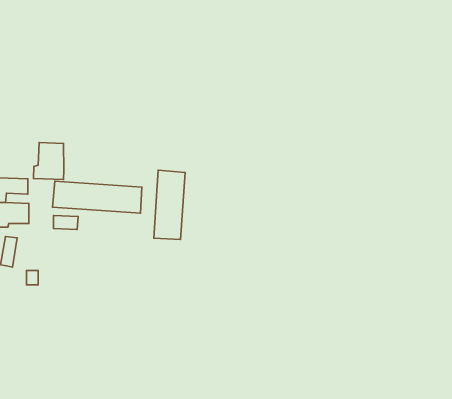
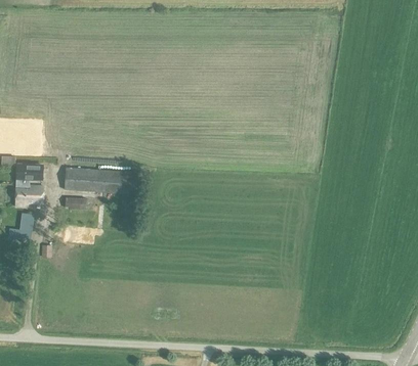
building: [33,142,64,180] -> none
building: [154,170,185,240] -> none

